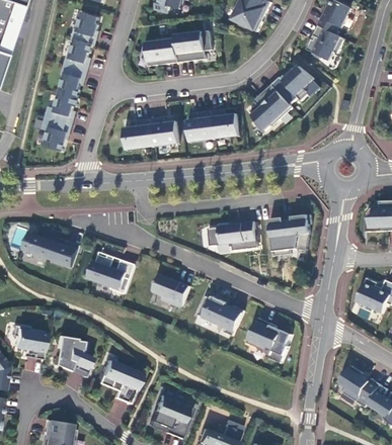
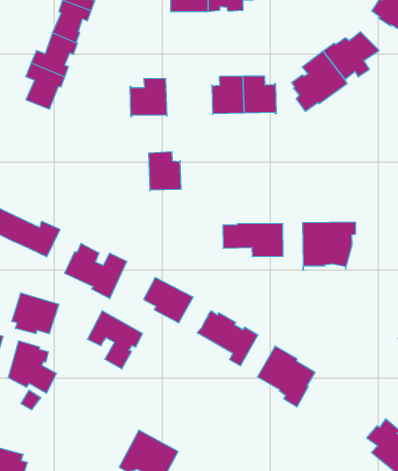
building: [151,115,179,148] -> [149,152,181,191]
building: none -> [12,293,59,334]
building: [97,359,140,403] -> [87,311,143,369]

